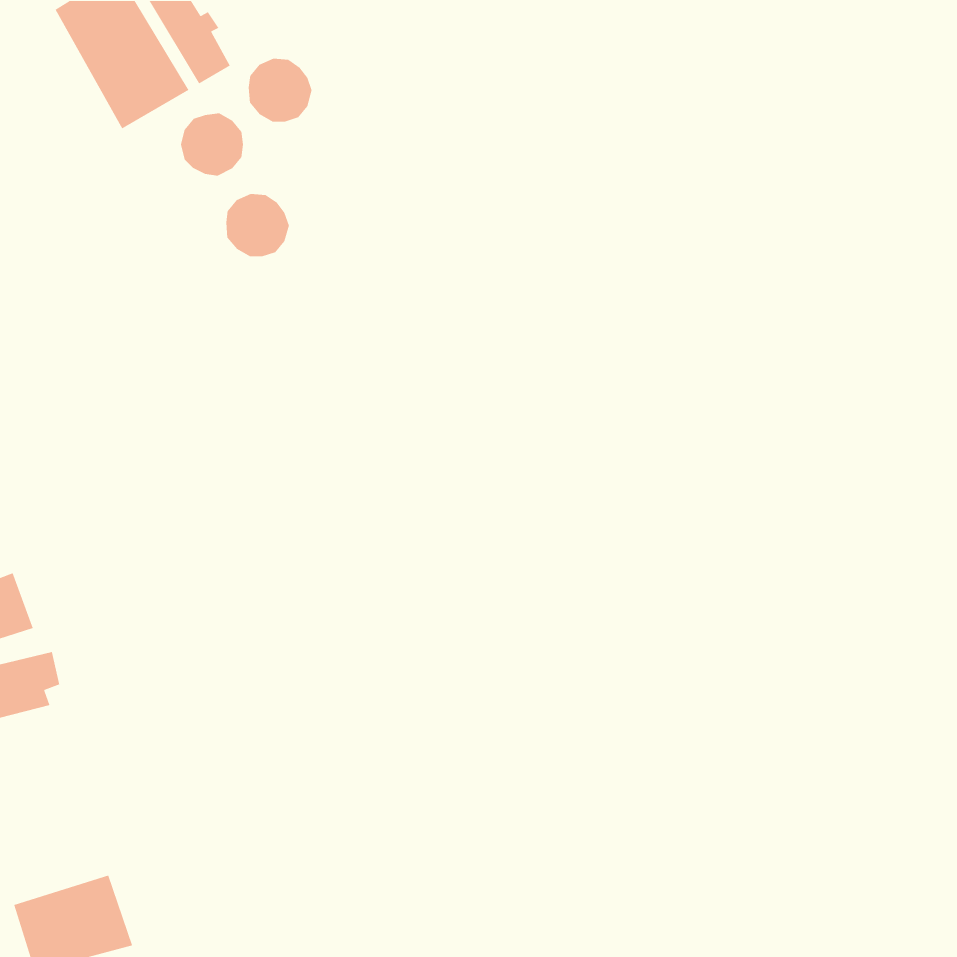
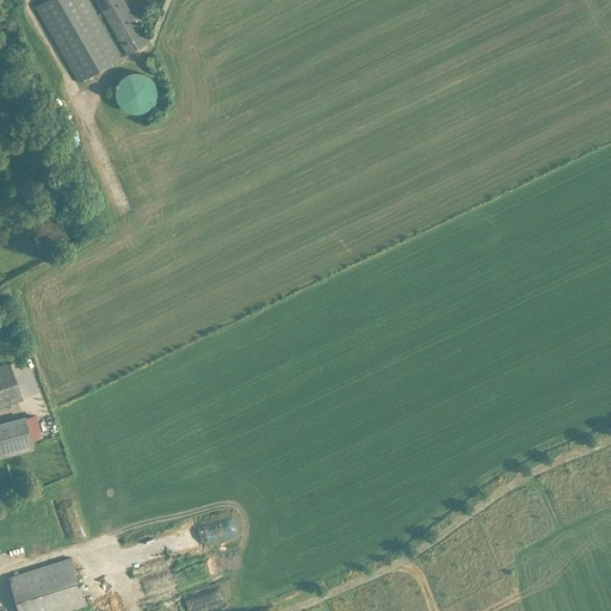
building: [248,58,313,122] -> none
building: [225,193,290,257] -> none

